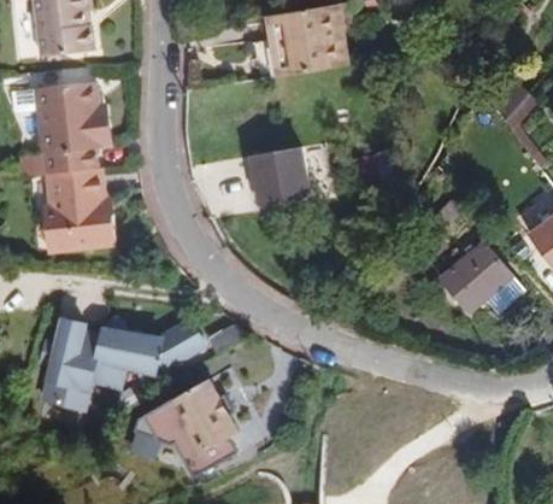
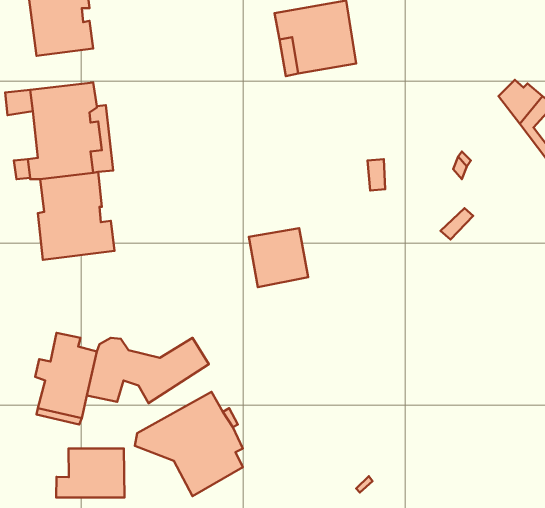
building: [252,146,308,203] -> [249,228,308,287]
building: [440,240,512,310] -> none
building: none -> [56,448,125,498]

